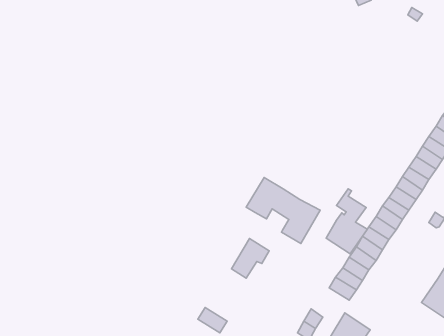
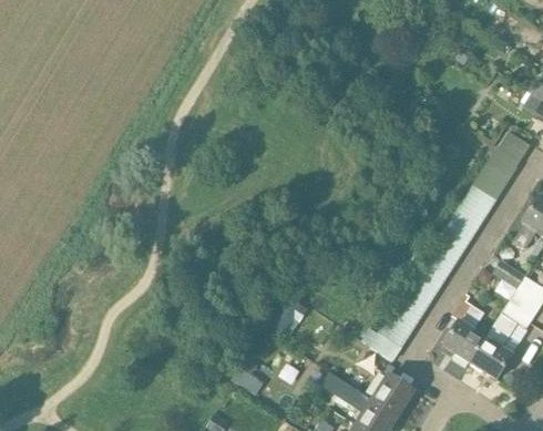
building: [246,177,320,243] -> none
building: [326,189,367,254] -> [442,294,485,362]

